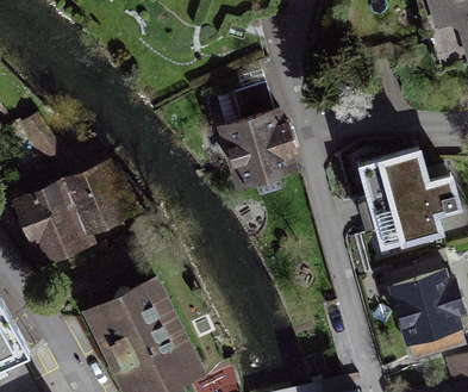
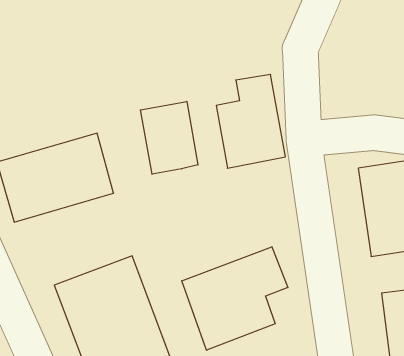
building: none -> [140,101,198,174]
building: none -> [182,247,288,350]

